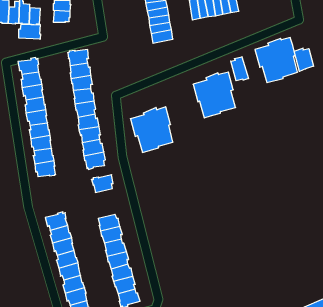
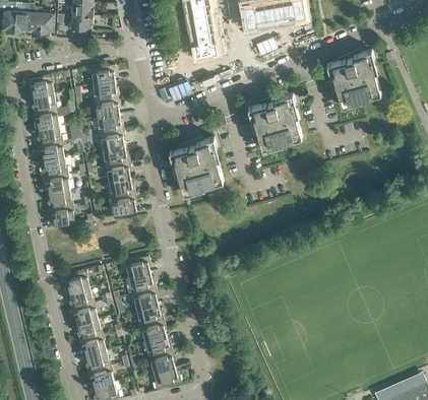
building: [19,24,40,39] -> none
building: [294,48,314,71] -> none
building: [231,57,248,81] -> none
building: [91,175,113,192] -> [122,256,149,278]

